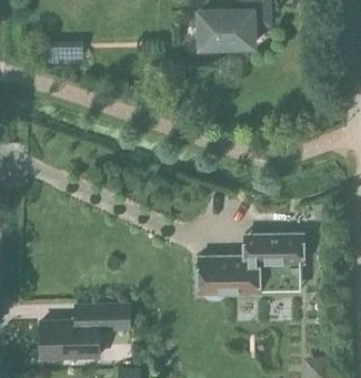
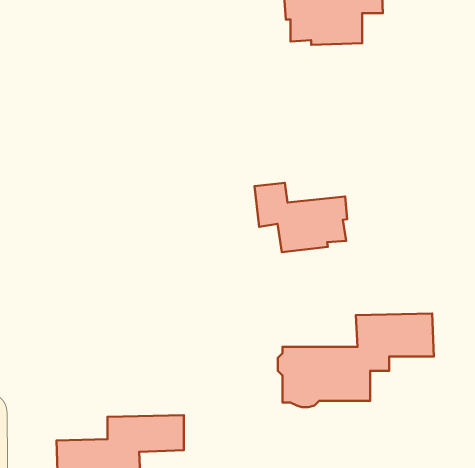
building: none -> [254,183,347,252]

